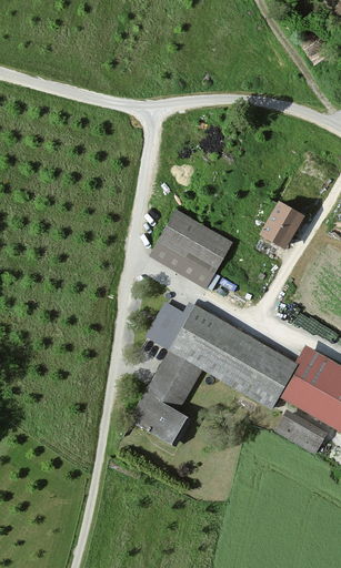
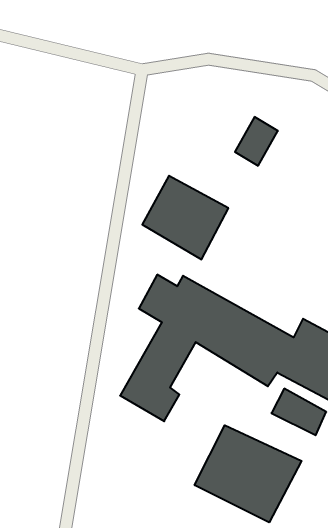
building: [261,202,302,248] -> [235,117,278,166]
building: none -> [195,425,302,522]

